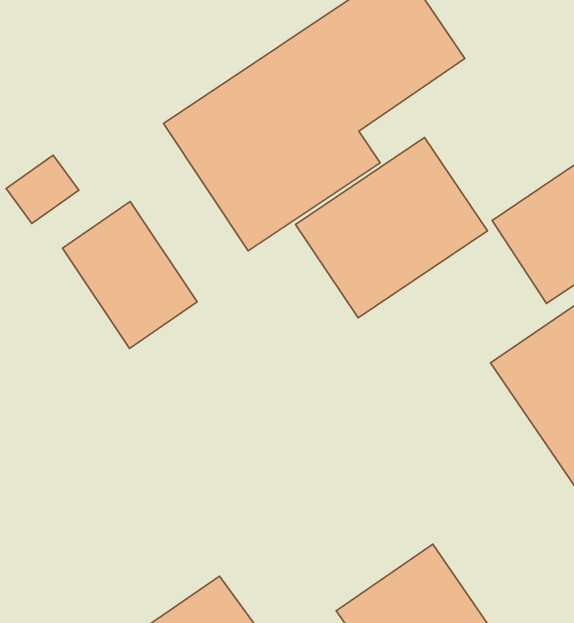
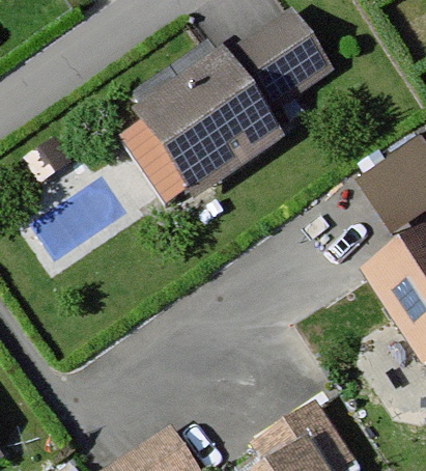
building: [295,138,487,318] -> none
building: [63,201,197,348] -> none

